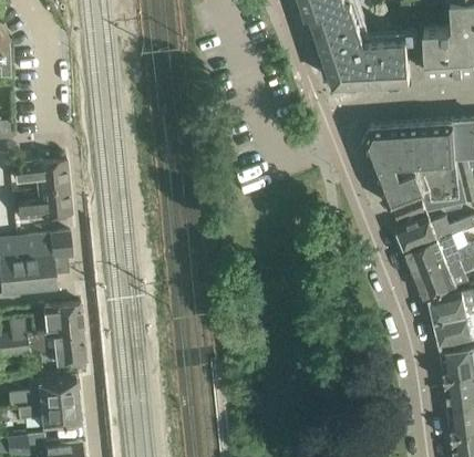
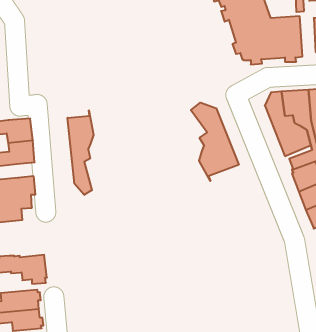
building: none -> [191,103,239,181]
building: none -> [68,110,94,195]
building: [42,303,83,335] -> none

